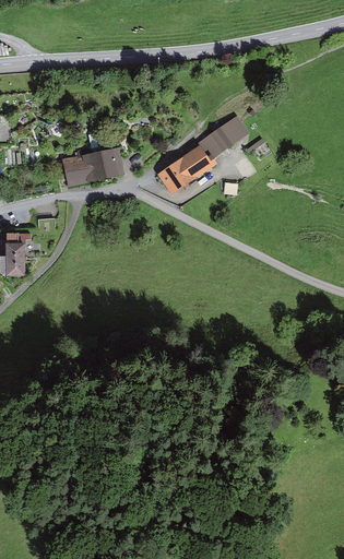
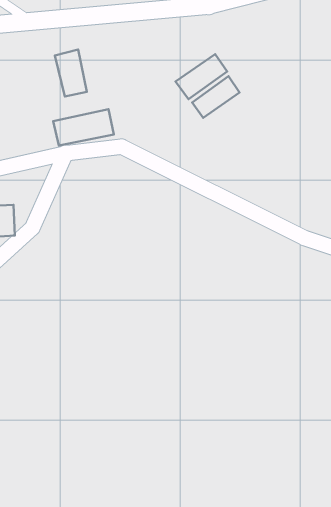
building: none -> [55,50,87,97]
building: [161,146,212,191] -> [175,54,227,99]

